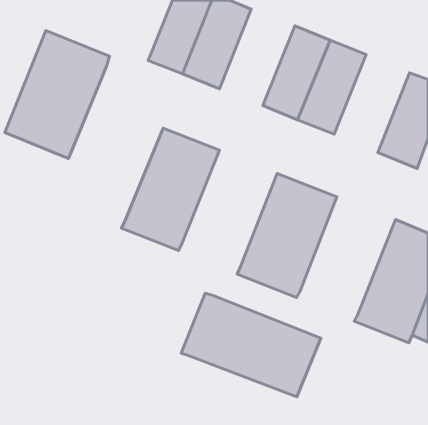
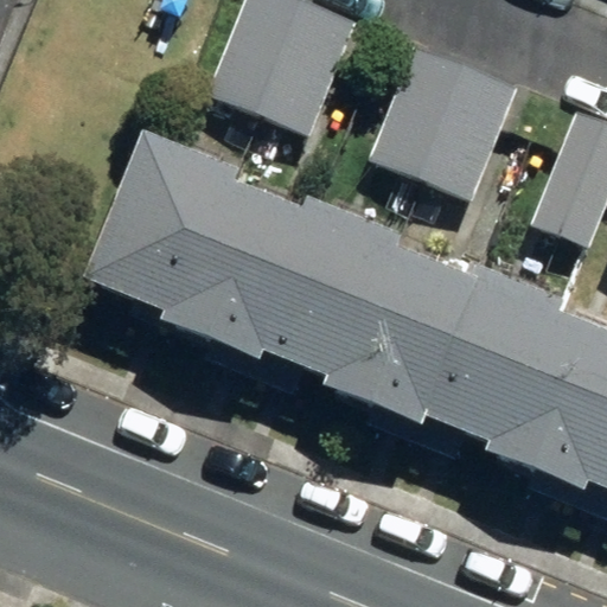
building: [5,30,109,159] -> [87,136,235,318]
building: none -> [257,205,397,382]
building: none -> [424,273,564,451]
building: [181,293,321,397] -> none

